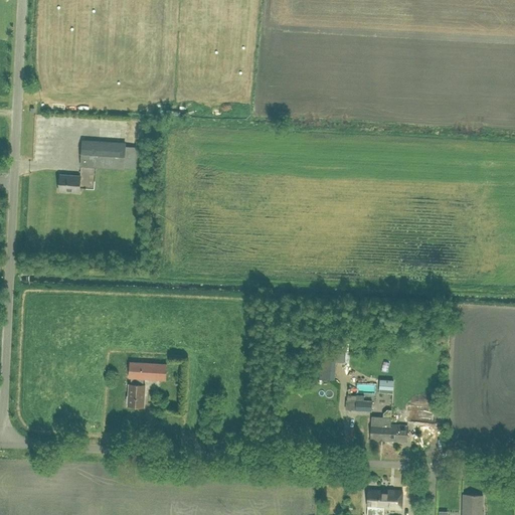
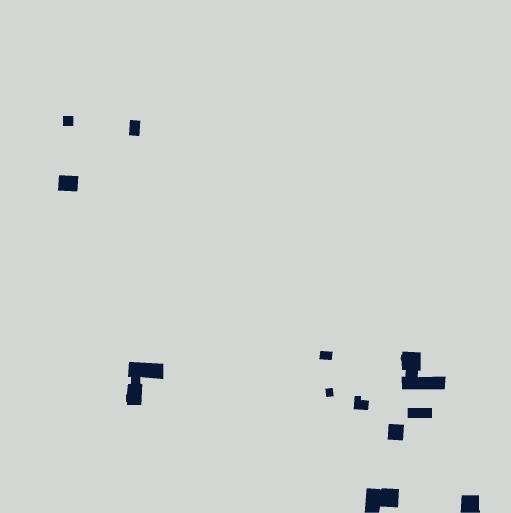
building: [79,140,124,169] -> none
building: none -> [400,351,446,390]
building: [370,416,390,441] -> none

